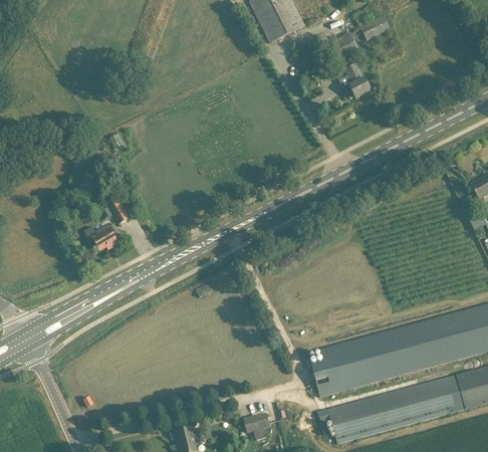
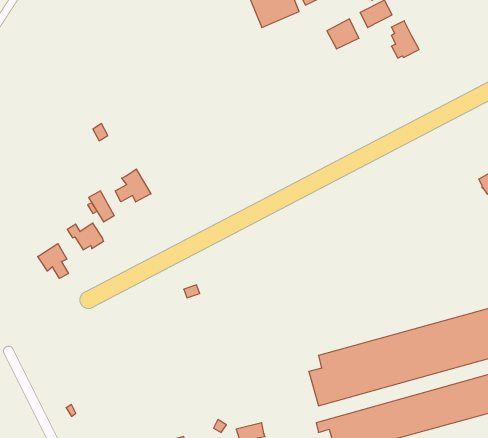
building: [344,62,371,97] -> [391,21,419,58]
building: none -> [115,169,151,202]
building: none -> [38,244,68,278]

